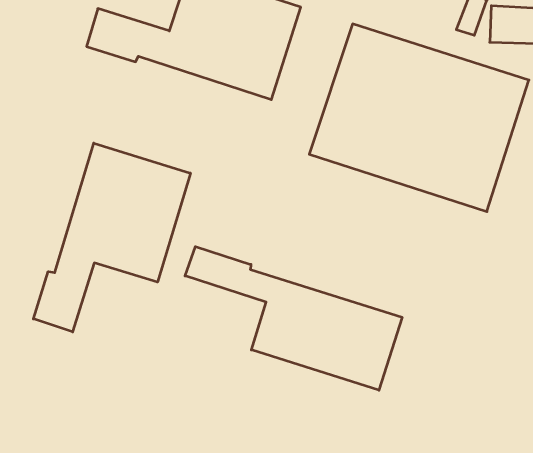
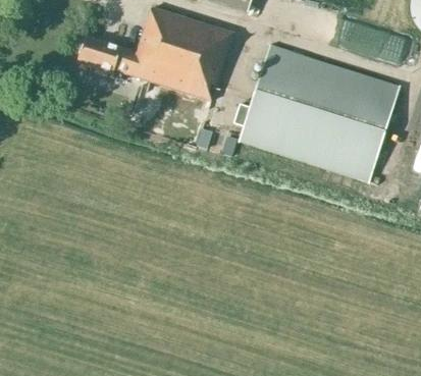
building: [33,143,190,332] -> none
building: [185,247,402,390] -> none

